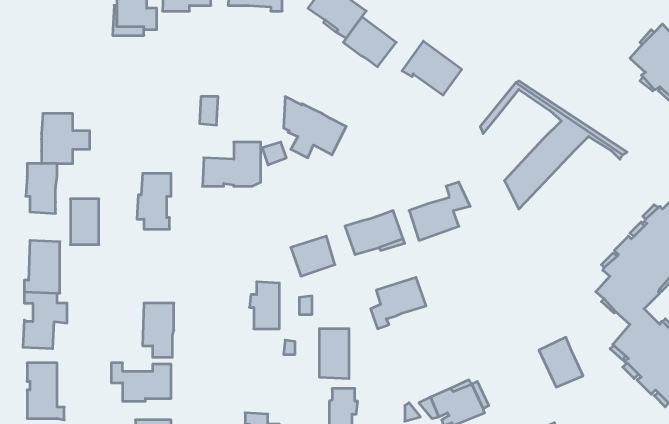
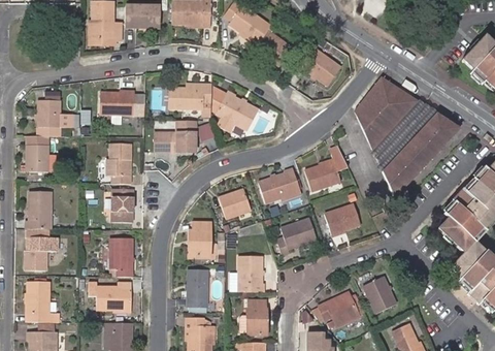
building: none -> [357,83,414,149]
building: none -> [169,85,210,113]
building: none -> [100,91,134,114]
building: none -> [383,117,456,197]
building: [70,199,99,245] -> [111,190,132,223]
building: none -> [323,204,360,235]
building: [539,337,583,387] -> [363,277,395,313]
building: none -> [187,269,205,308]

